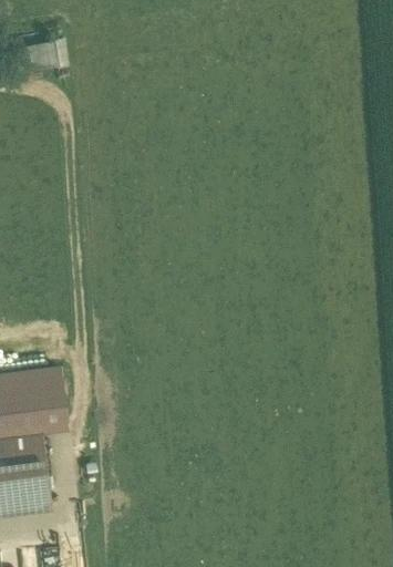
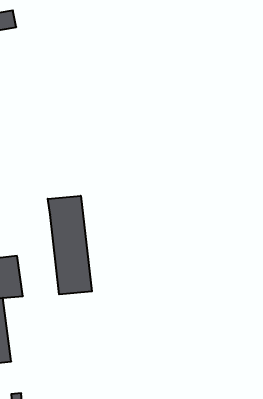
building: none -> [48,196,92,294]

